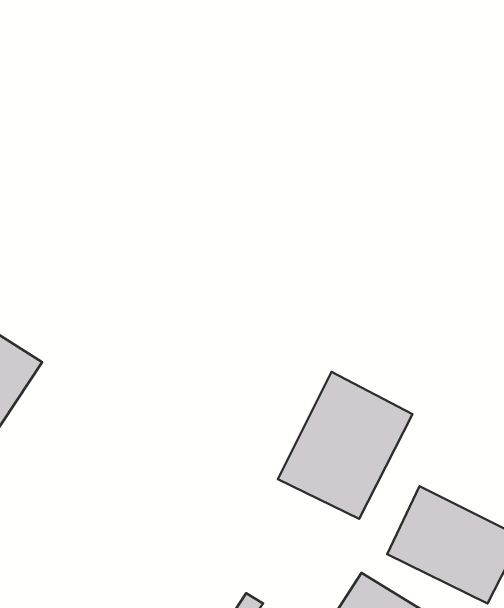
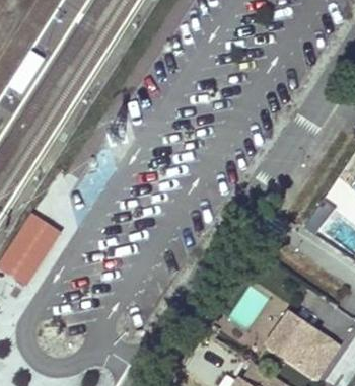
building: [278,372,413,519] -> none

